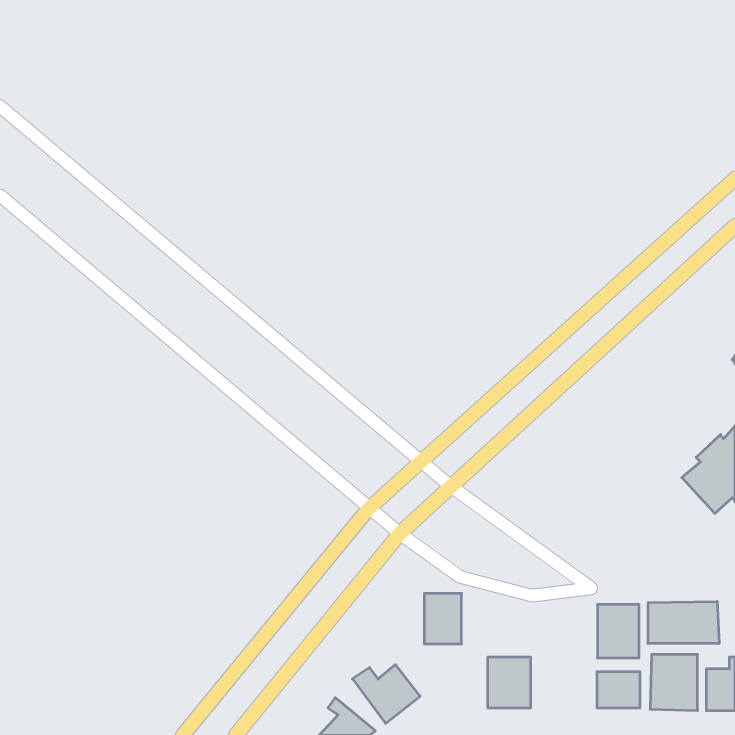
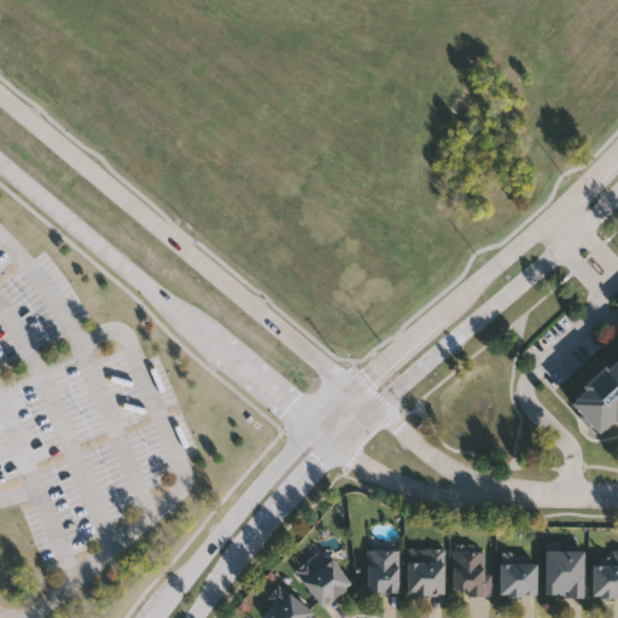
building: [424,593,462,644] -> [368,549,400,591]
building: [648,601,719,644] -> none
building: [597,605,639,658] -> [454,549,489,594]

